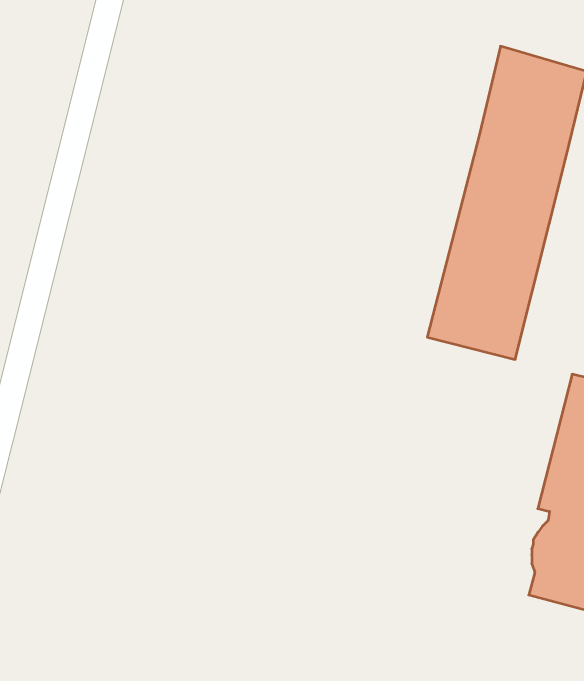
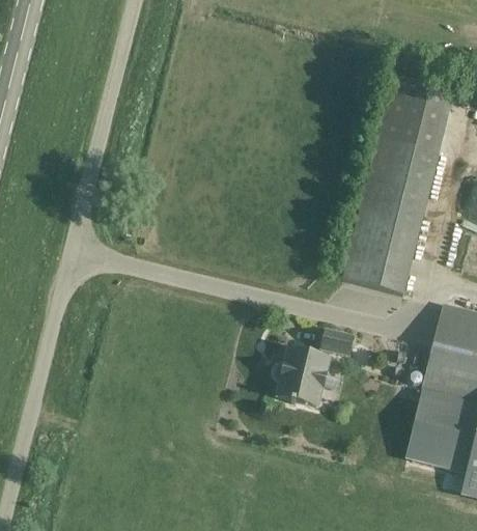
building: none -> [278,331,353,406]

